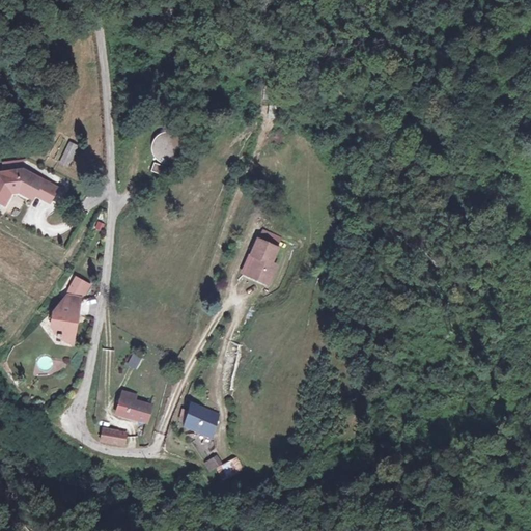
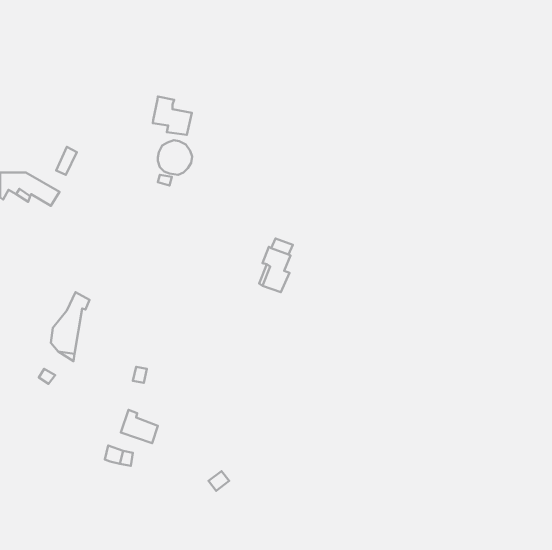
building: none -> [153,97,192,135]
building: [178,403,216,431] -> none

